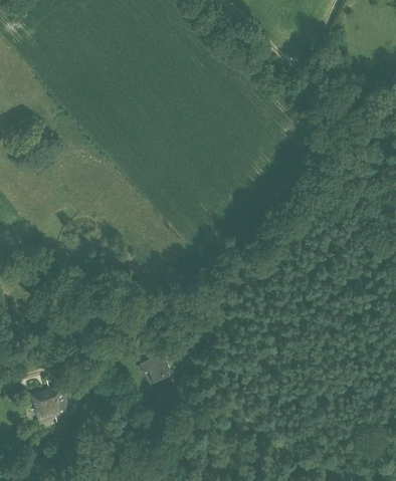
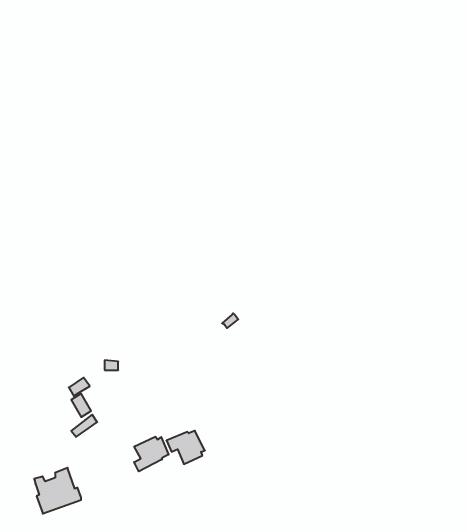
building: none -> [134,437,169,471]

